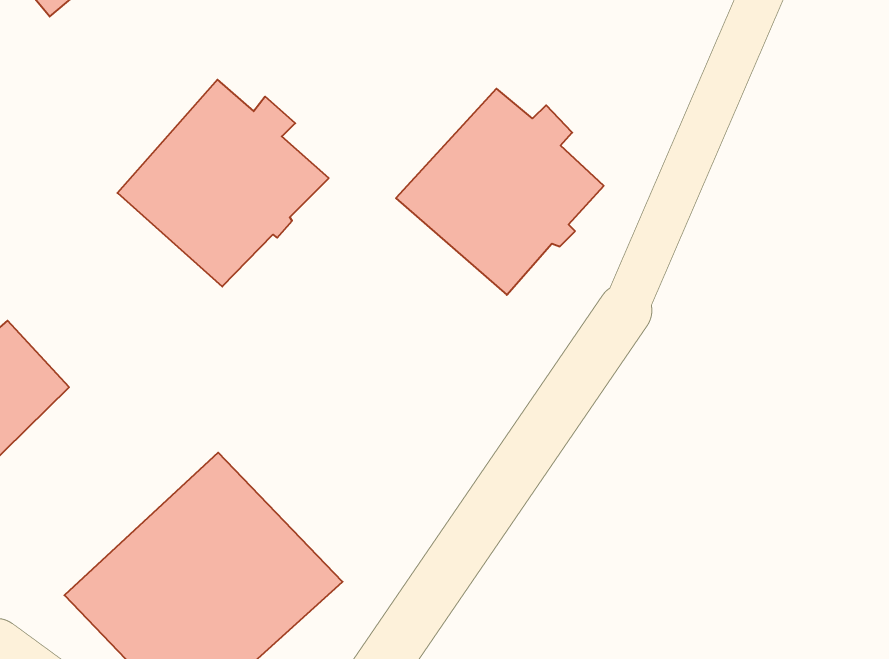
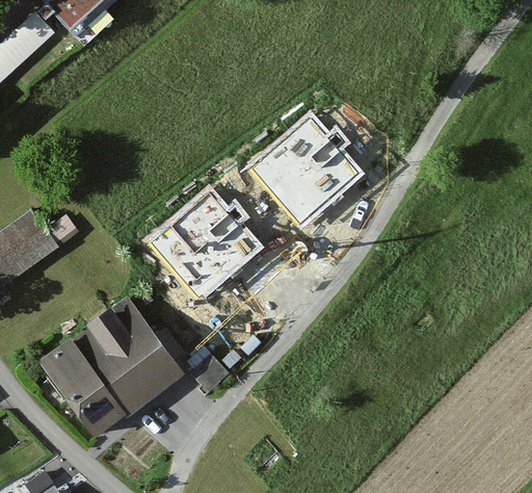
building: [117,80,329,287] -> [148,185,264,299]

